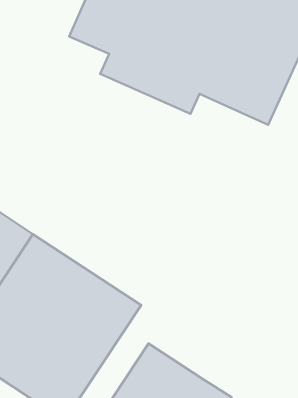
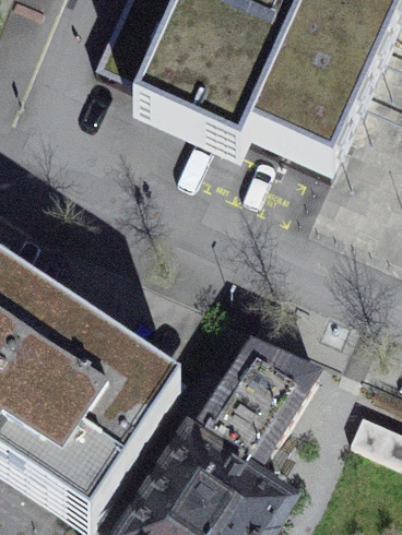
building: none -> [194,342,319,475]

